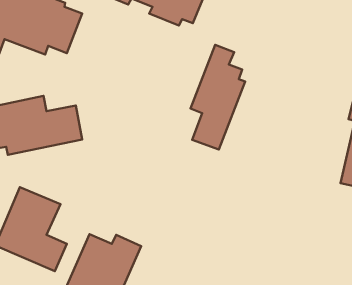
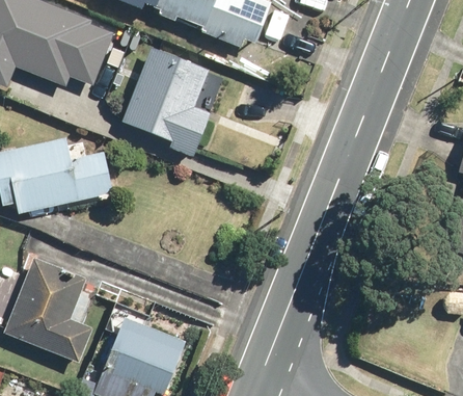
building: none -> [121,46,212,158]
building: [190,45,245,150] -> none

